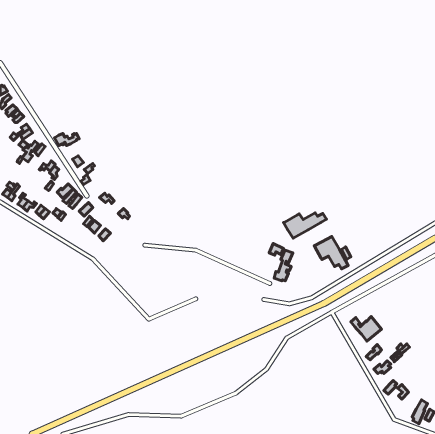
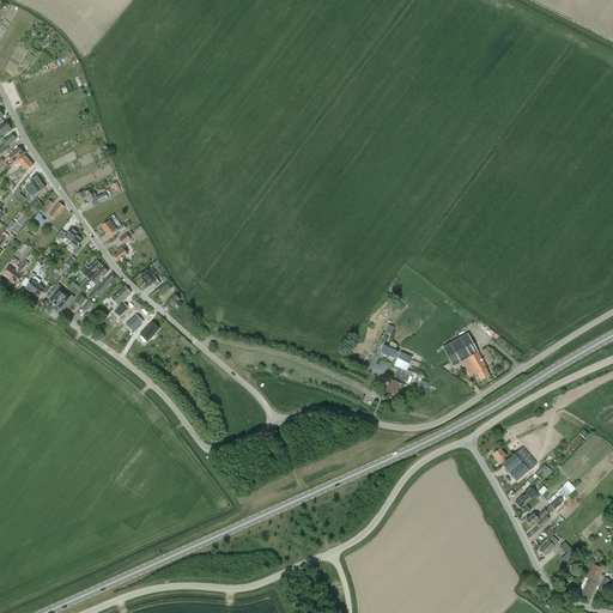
building: [284,213,326,238] -> none

